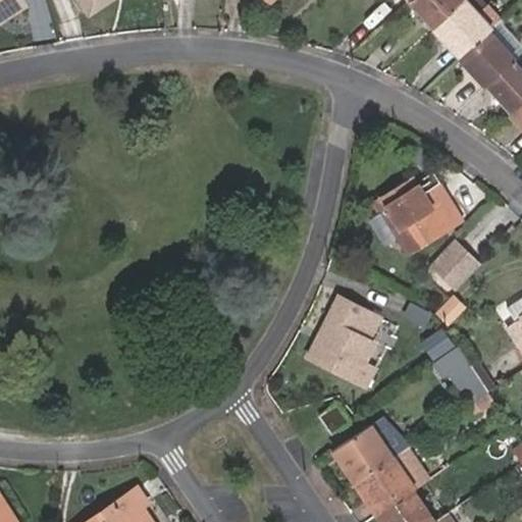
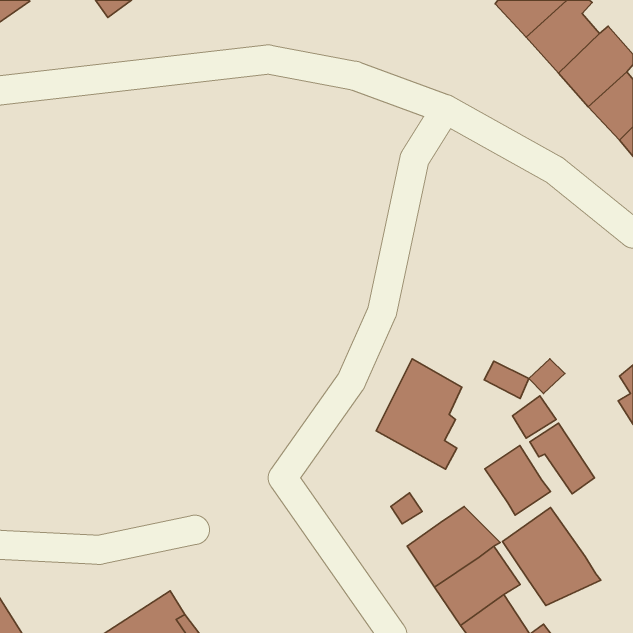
building: [376,180,457,253] -> none
building: [432,243,482,293] -> none
building: none -> [485,445,550,515]
building: none -> [503,508,601,606]

